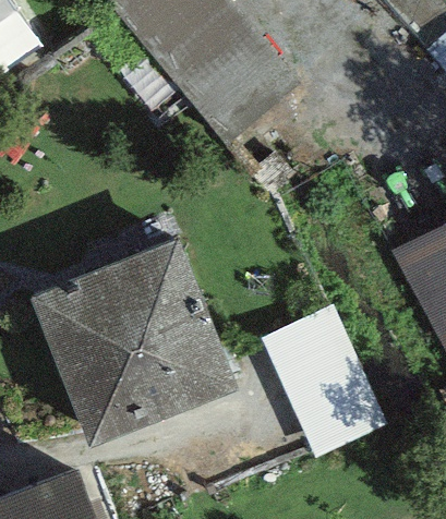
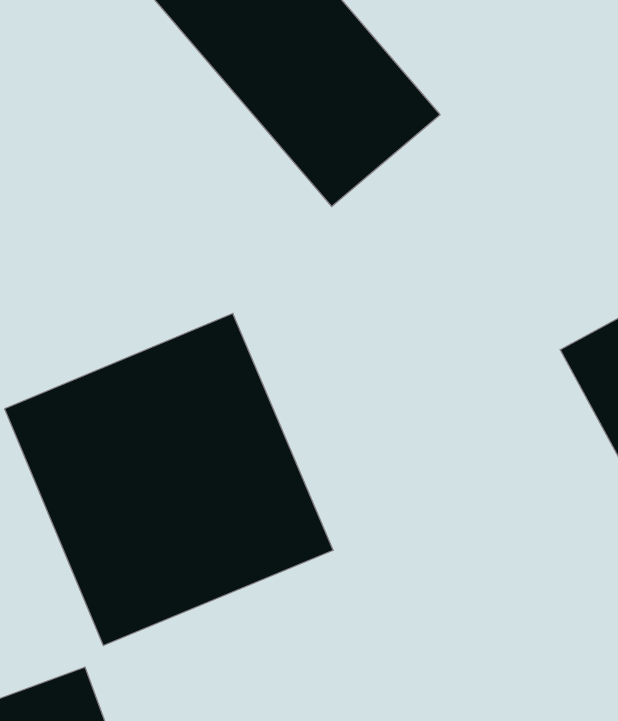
building: [272,311,374,455] -> none

